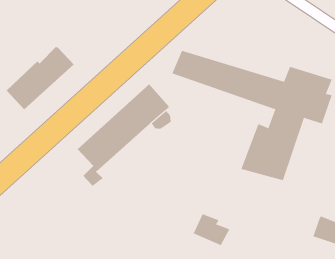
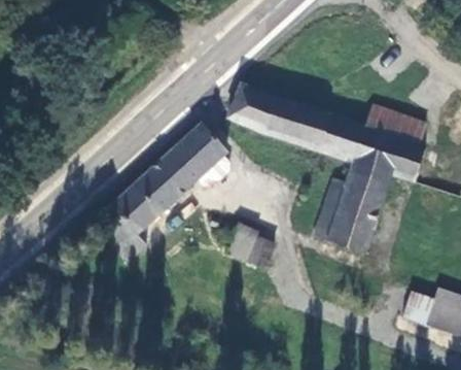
building: [6,46,75,110] -> none
building: [193,213,230,246] -> [228,224,275,264]

